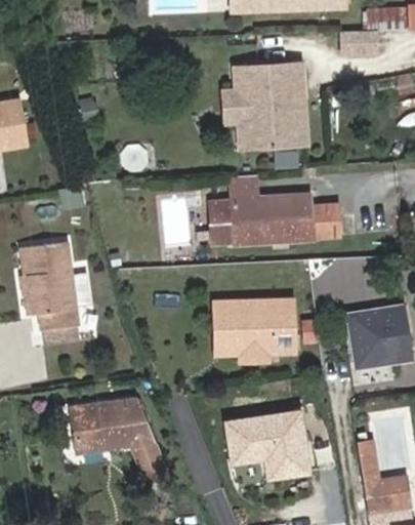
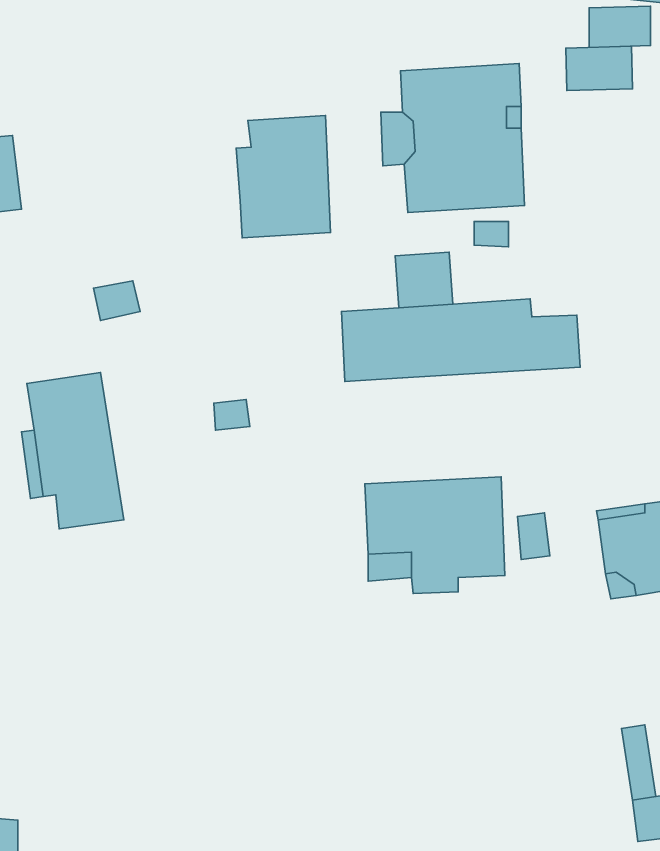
building: none -> [566,46,633,91]
building: none -> [236,115,330,238]
building: [74,401,167,486] -> none
building: [226,413,306,477] -> none

